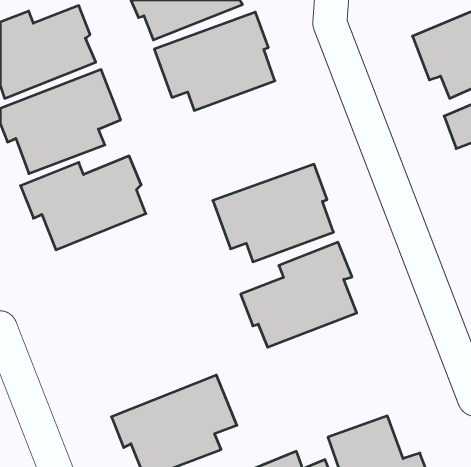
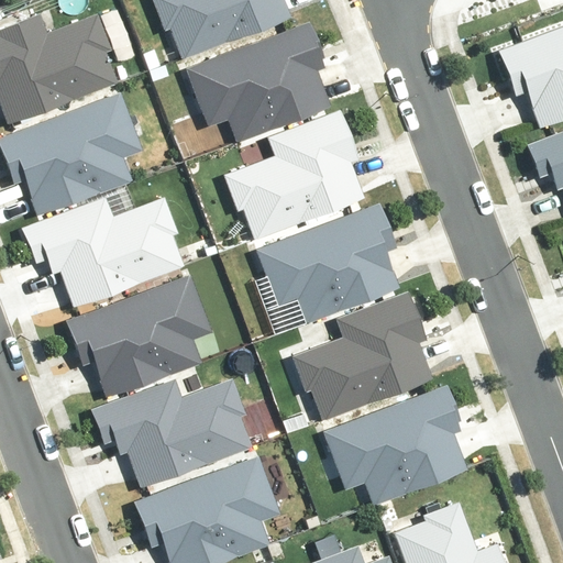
building: none -> [229,114,366,240]
building: none -> [66,275,214,398]
building: none -> [98,378,246,489]
building: none -> [325,388,468,505]

